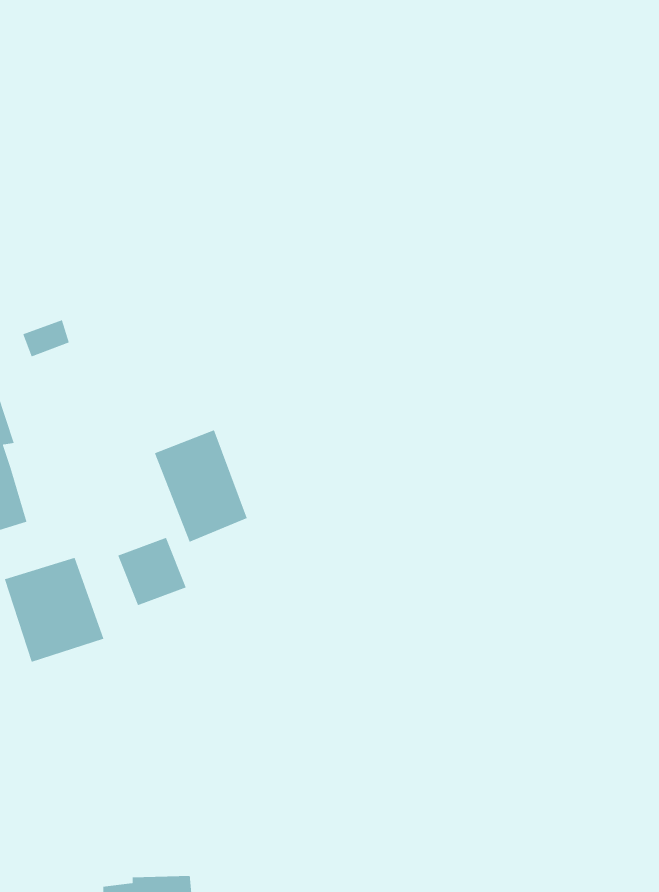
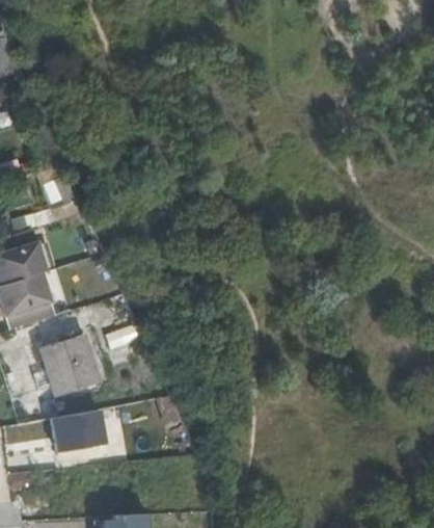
building: [154,429,248,543] -> none
building: none -> [53,408,105,449]

